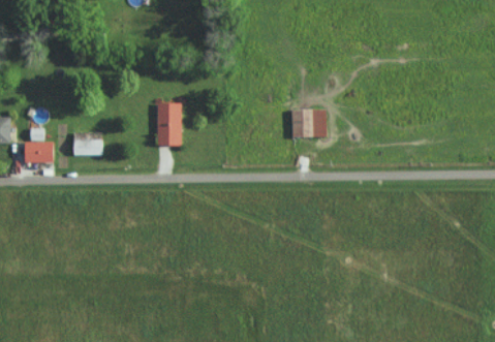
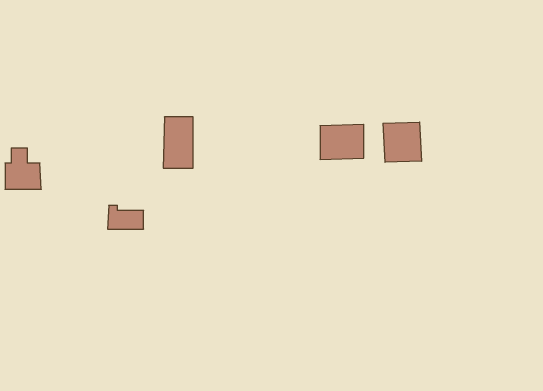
building: none -> [383,122,422,162]
building: [73,135,103,155] -> [108,205,144,229]

